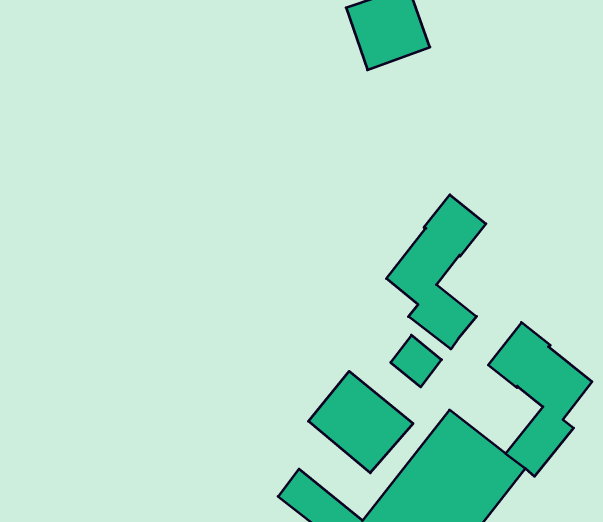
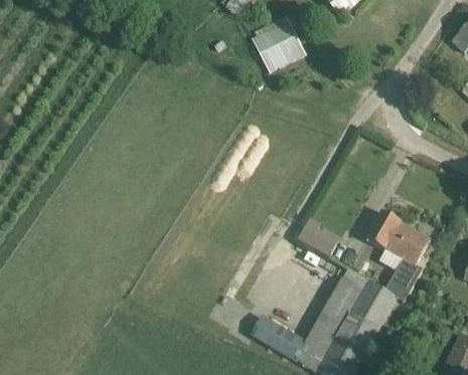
building: [386,195,486,349] -> none
building: [308,371,413,473] -> none

